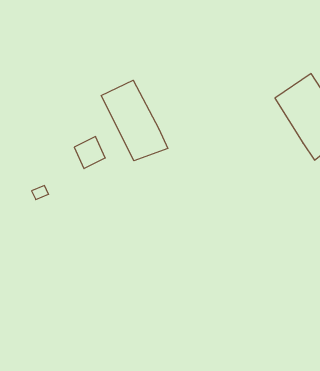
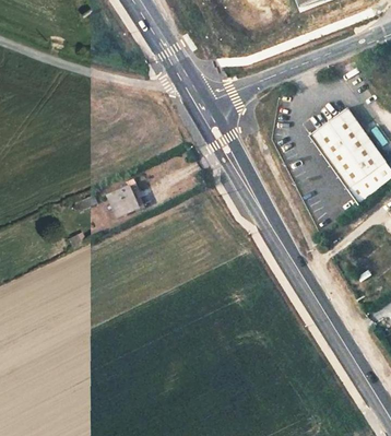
building: [101,80,168,161] -> none

